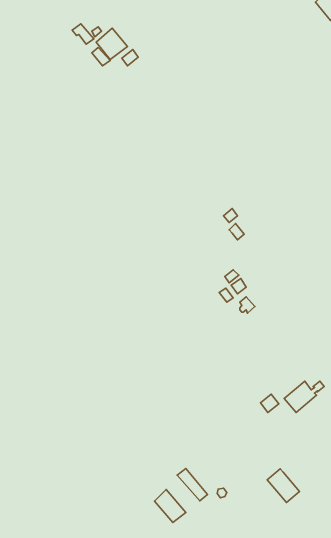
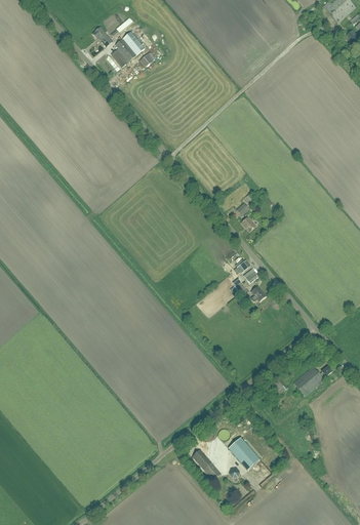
building: [267,469,300,502] -> [229,437,259,469]
building: [155,490,186,522] -> none

